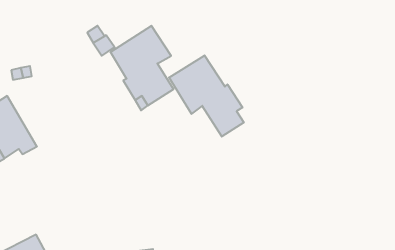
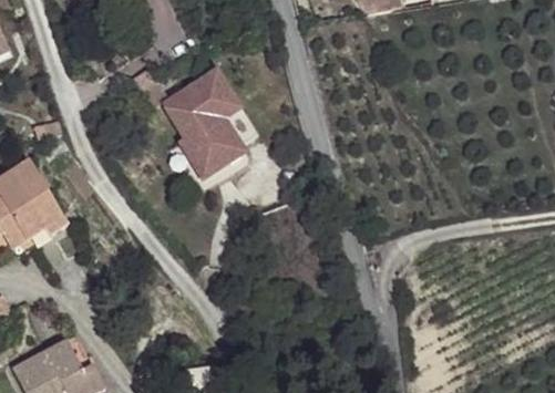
building: [169,55,244,137] -> none

